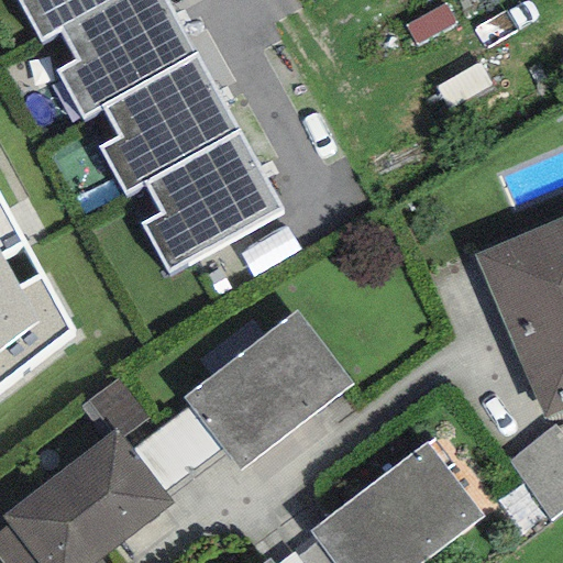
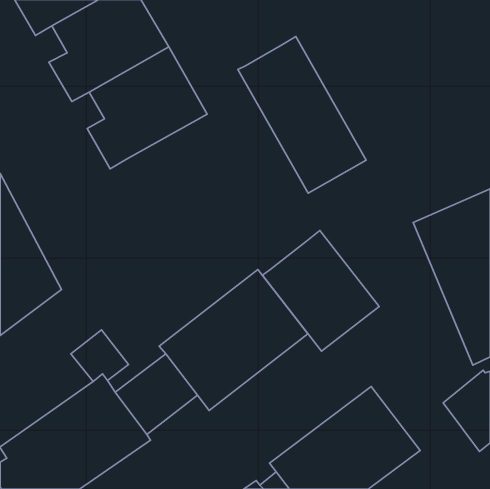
building: none -> [238,36,366,193]
building: [140,131,280,272] -> none
building: none -> [262,230,379,351]

